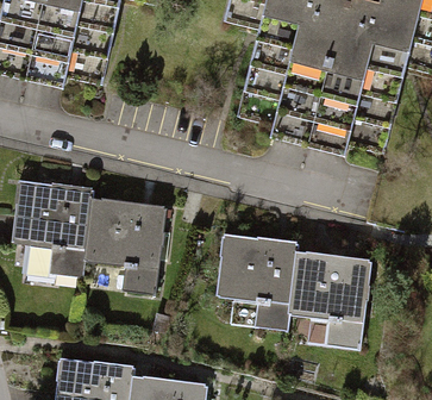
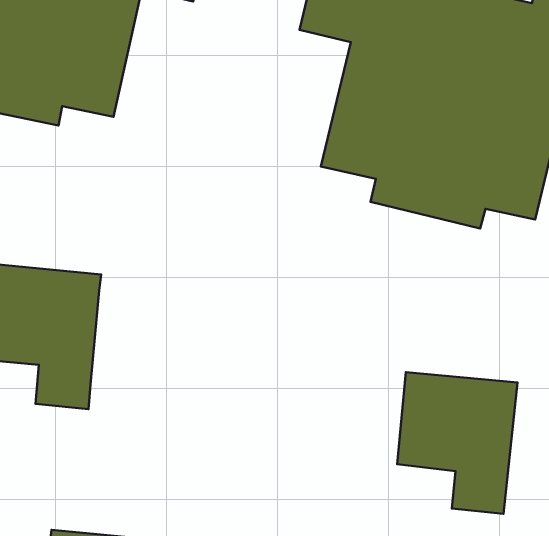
building: [84,196,165,292] -> none
building: [217,232,298,331] -> none

